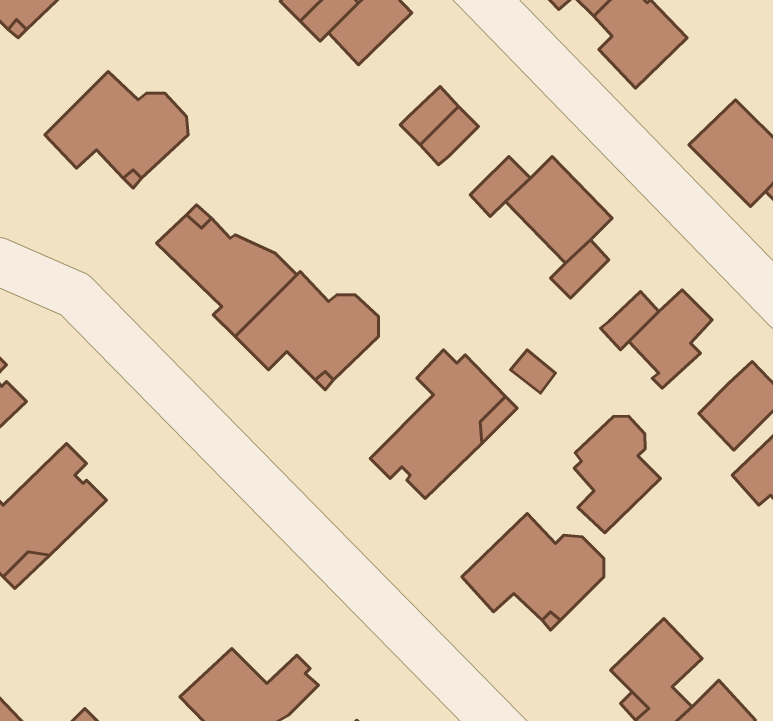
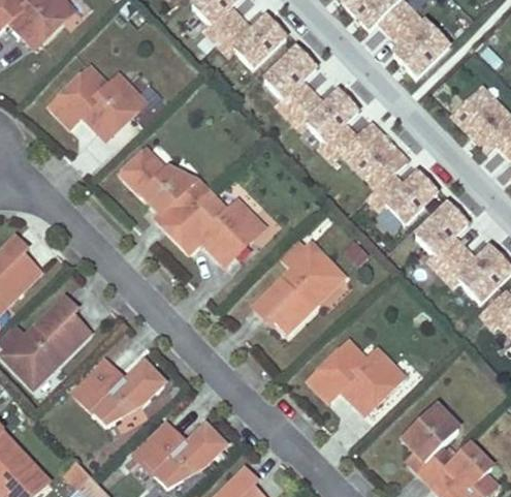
building: none -> [259,43,311,95]
building: none -> [302,87,354,138]
building: none -> [383,170,435,222]
building: none -> [435,242,476,283]
building: [574,416,661,533] -> none
building: none -> [75,362,160,424]

